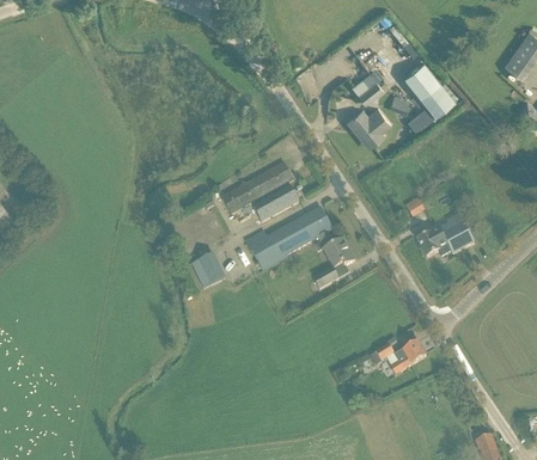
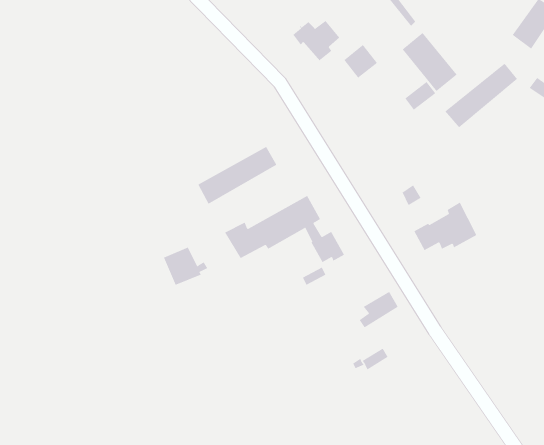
building: none -> [445,63,518,128]
building: [347,106,390,143] -> [293,20,340,61]
building: [251,185,298,221] -> none
building: [389,341,425,374] -> [359,291,399,328]

